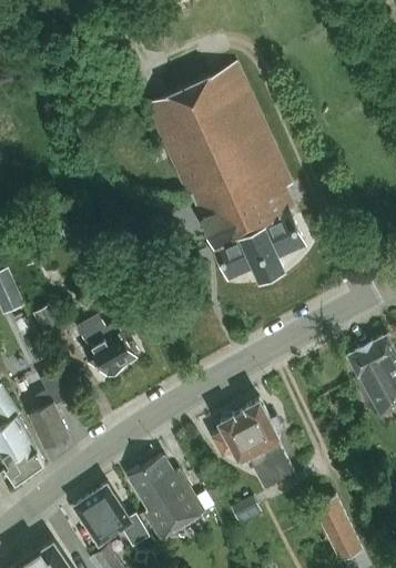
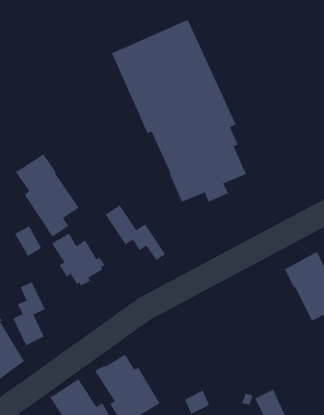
building: none -> [15,154,79,237]
building: none -> [105,205,166,261]
building: [213,400,294,489] -> none

